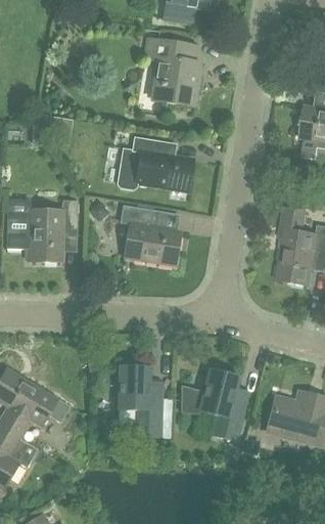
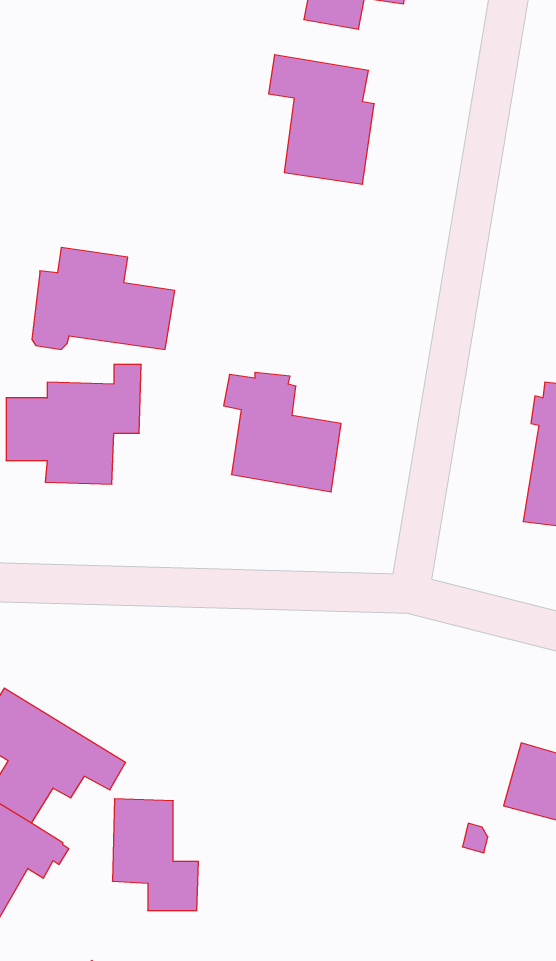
building: [118,136,192,189] -> [32,247,175,349]
building: [117,365,161,424] -> [112,799,199,911]
building: [181,367,244,440] -> none

